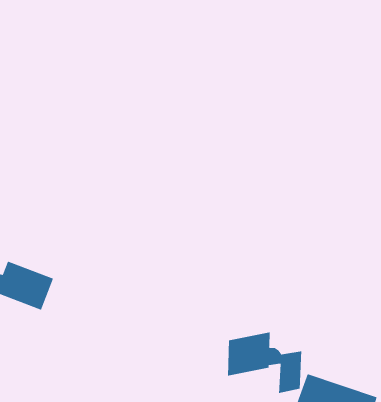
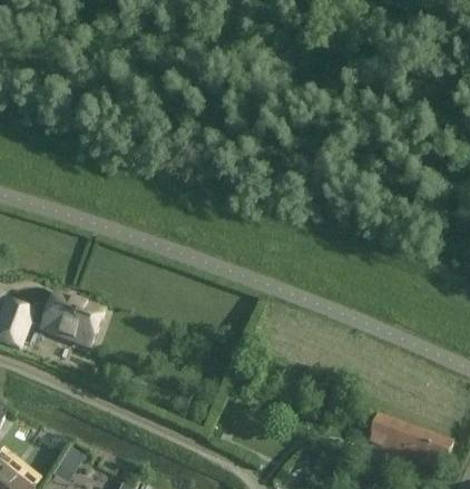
building: [227,332,302,394] -> none

